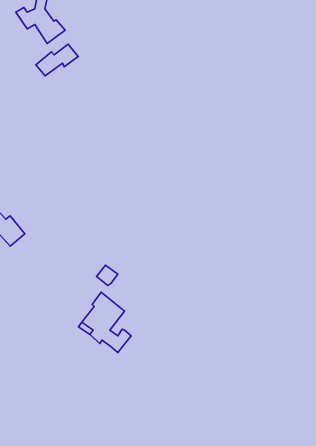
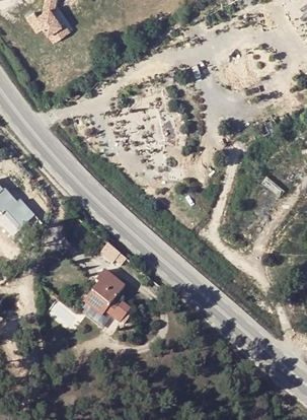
building: [36,44,78,76] -> none

